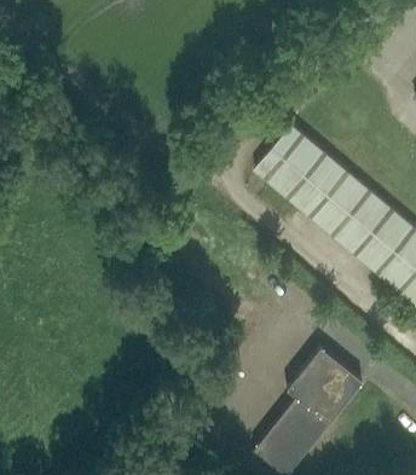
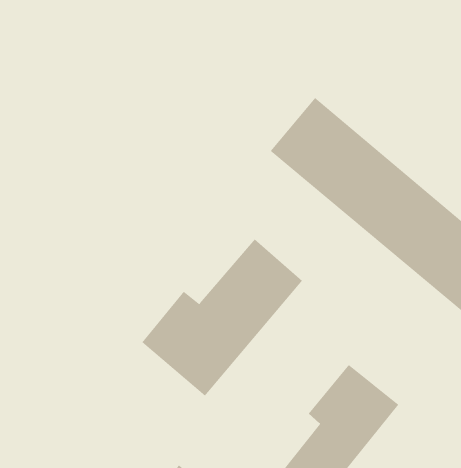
building: none -> [141,239,303,396]

